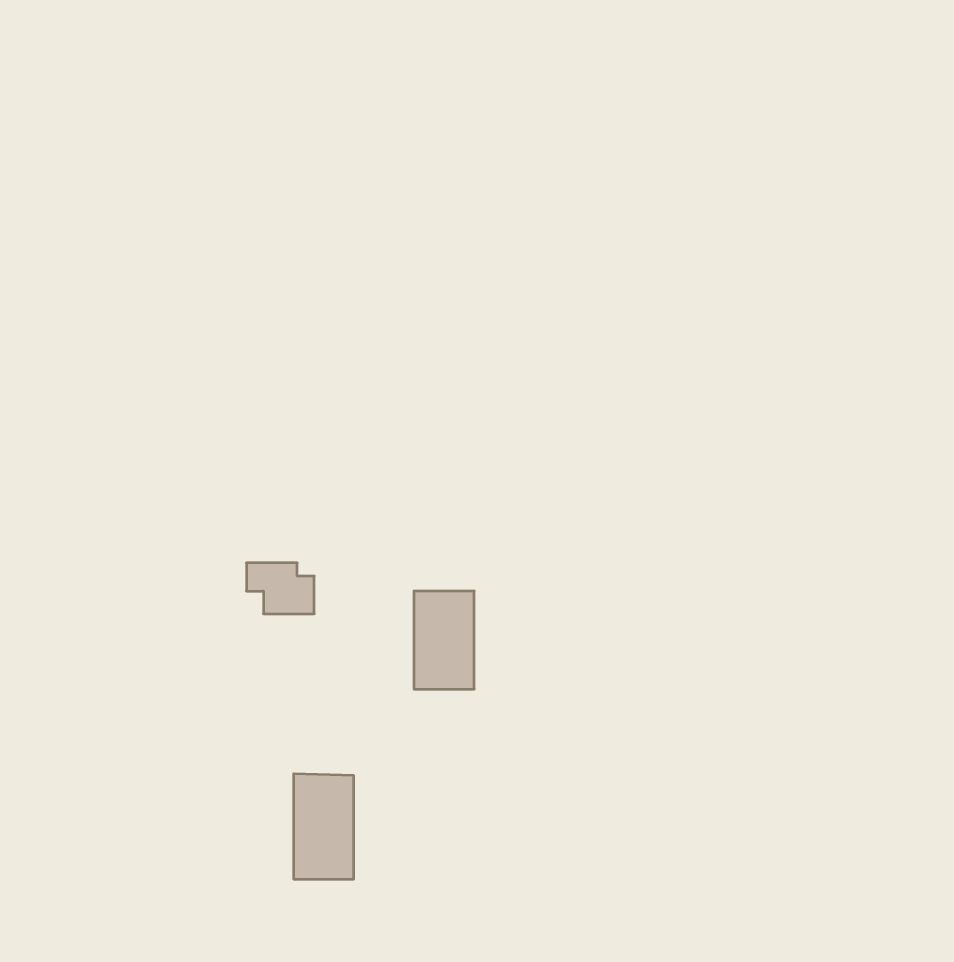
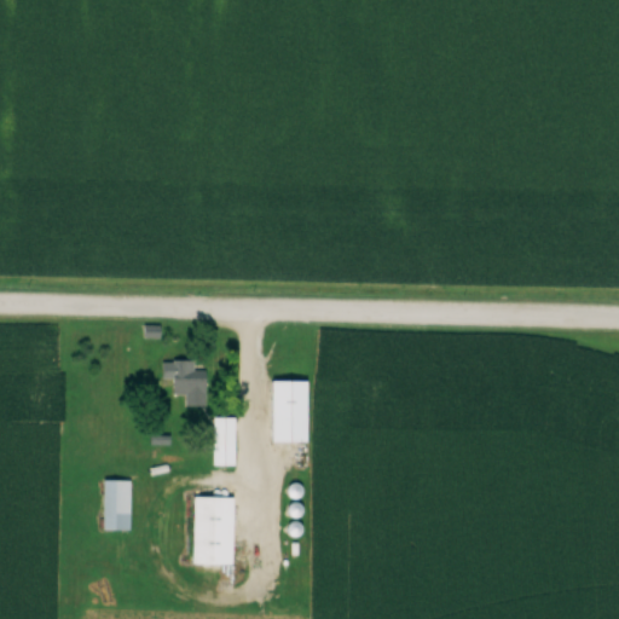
building: none -> [214,418,237,449]
building: none -> [104,481,131,530]

